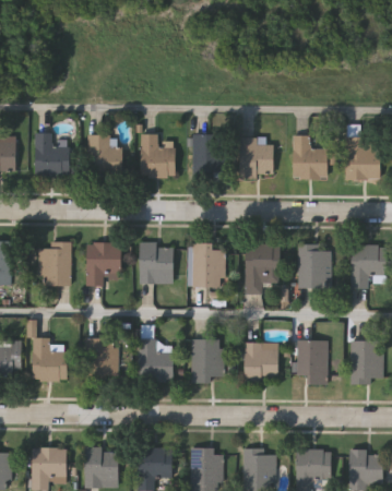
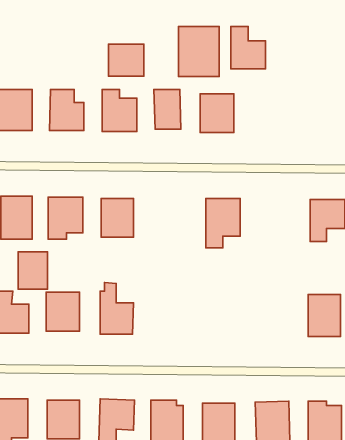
building: none -> [178,26,219,76]
building: none -> [109,44,144,76]
building: [293,135,328,178] -> [231,27,265,69]
building: [346,136,380,179] -> none
building: [190,243,224,287] -> none
building: [298,247,331,288] -> none
building: none -> [18,252,48,289]
building: [191,339,223,382] -> none
building: [297,342,325,385] -> none
building: [245,344,278,381] -> none

